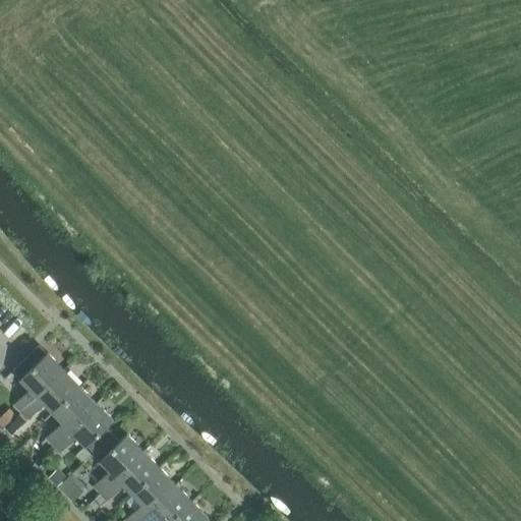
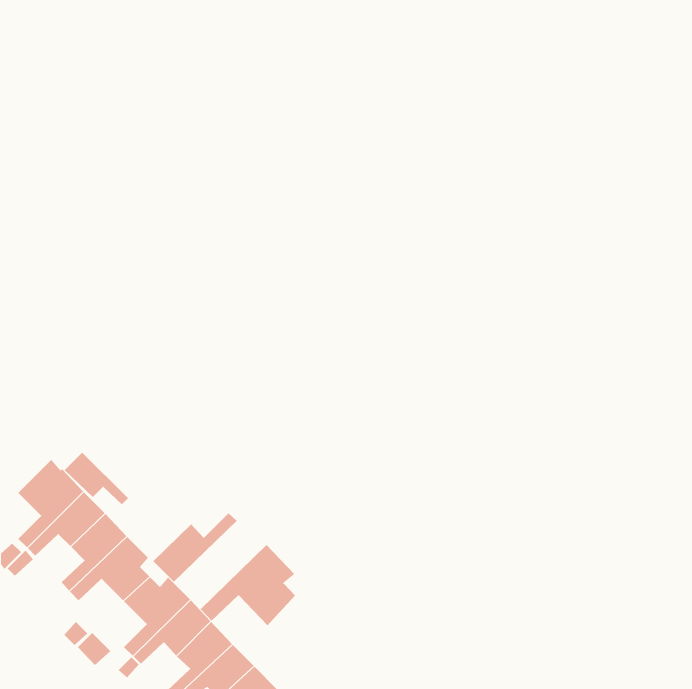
building: none -> [64,452,129,505]
building: none -> [153,513,237,583]
building: none -> [200,544,296,626]

